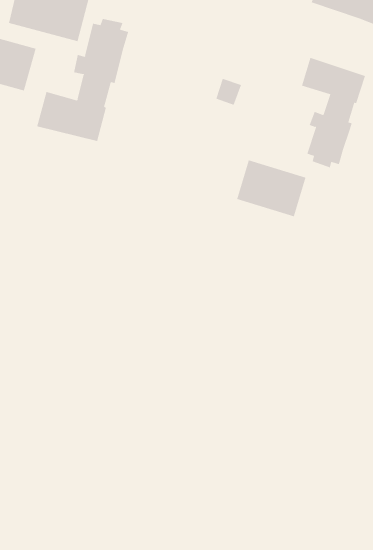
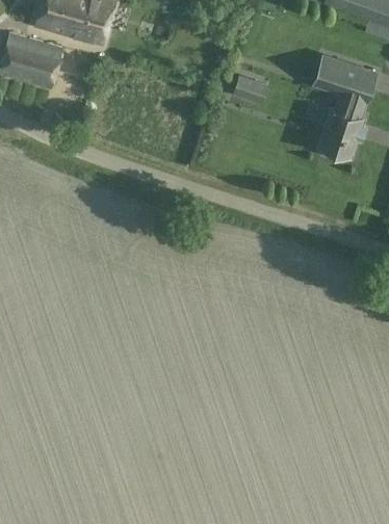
building: [36,18,129,142] -> none
building: [237,160,306,217] -> none

